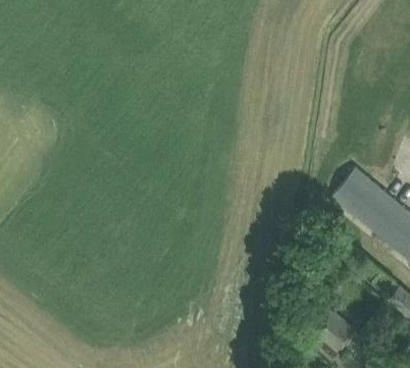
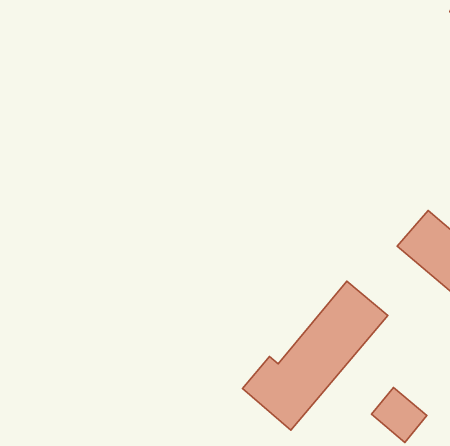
building: none -> [243,281,388,430]

